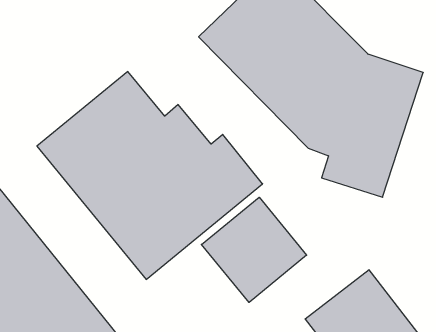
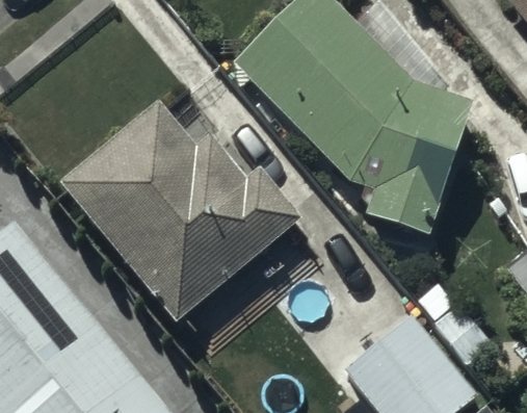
building: [201,197,307,302] -> none

